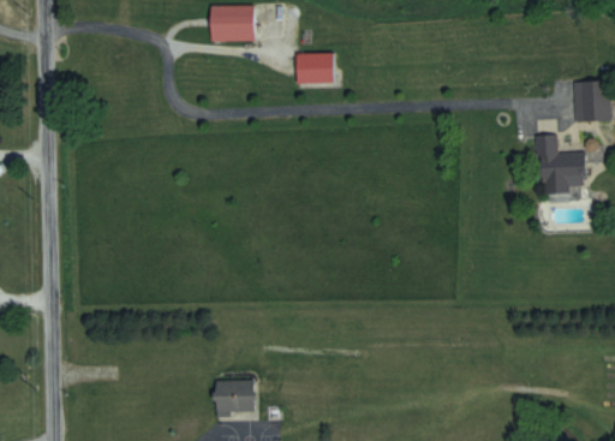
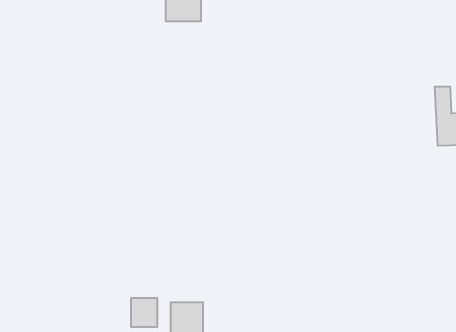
building: [295,54,333,83] -> none
building: none -> [131,298,157,327]

